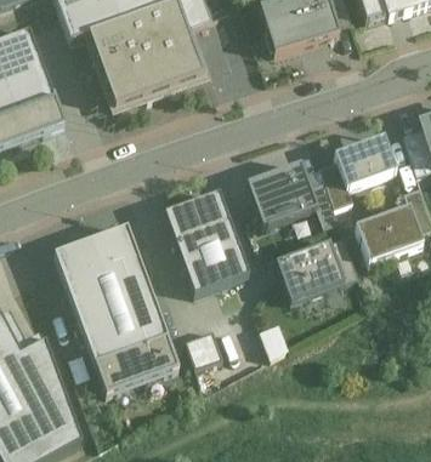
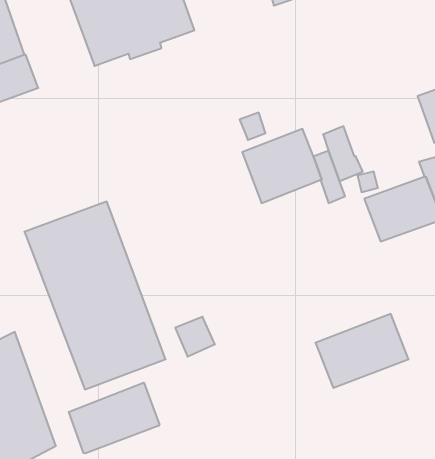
building: [334,133,396,184] -> none
building: [164,190,249,291] -> none
building: [276,234,358,300] -> [315,314,409,388]
building: none -> [69,383,159,453]

